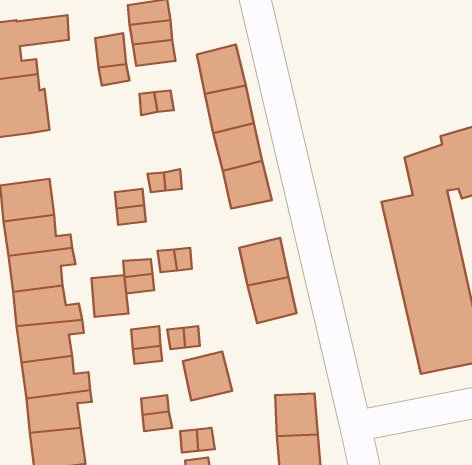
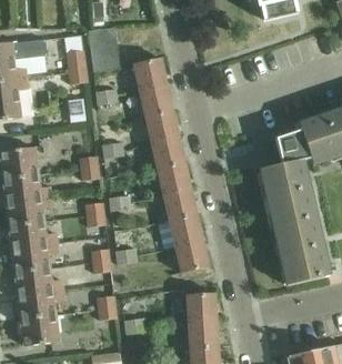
building: none -> [158,163,191,195]
building: [92,275,128,317] -> none
building: [183,351,232,401] -> [175,240,209,273]

